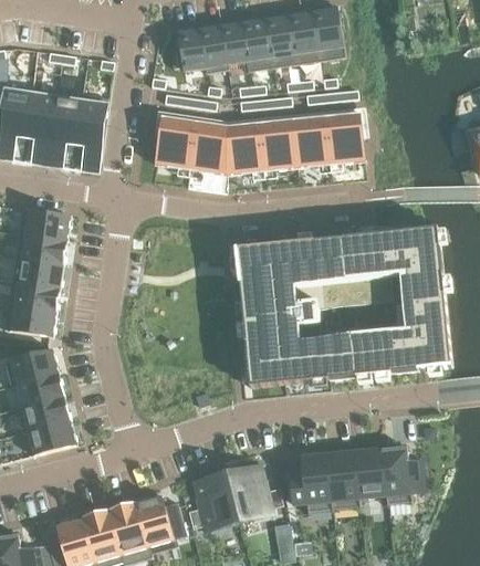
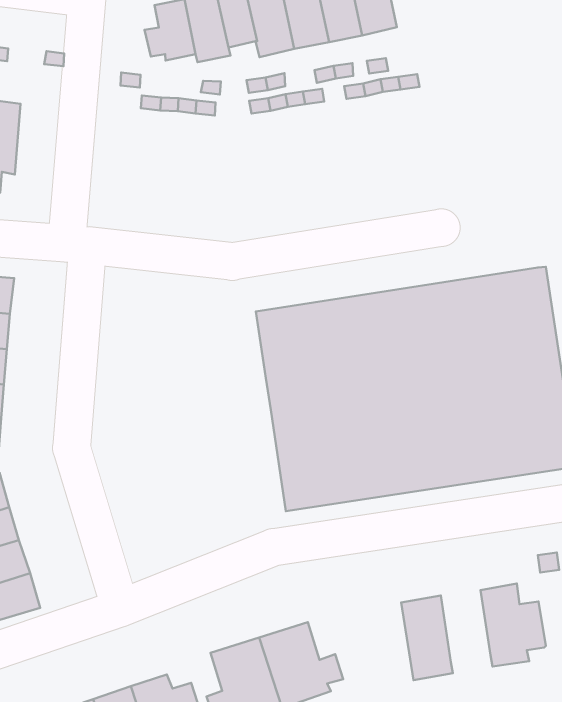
building: [74,95,107,161] -> none
building: [155,113,364,175] -> none
building: [353,449,385,497] -> none
building: [289,454,331,511] -> none

